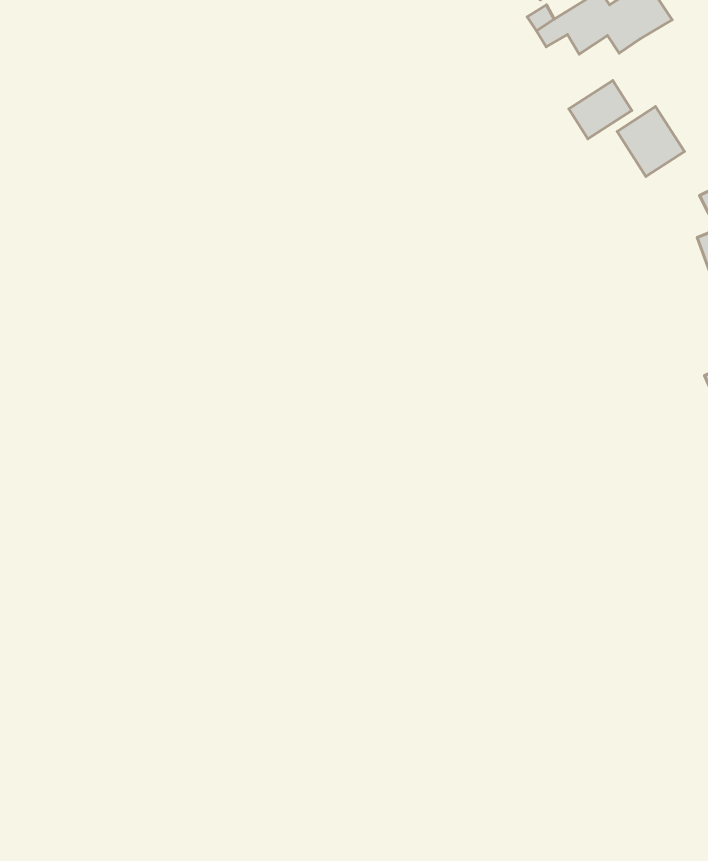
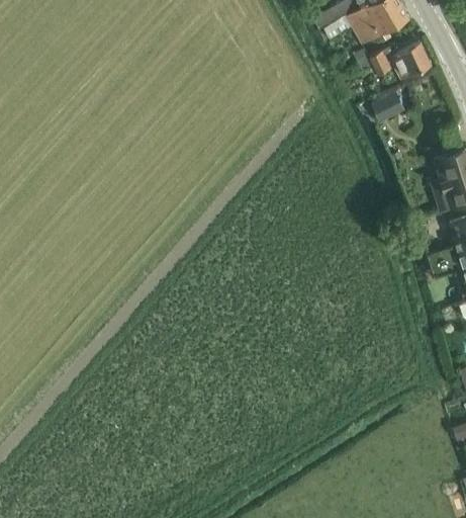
building: [617,107,684,177] -> none

